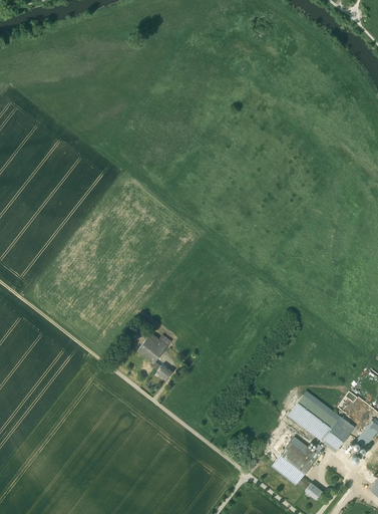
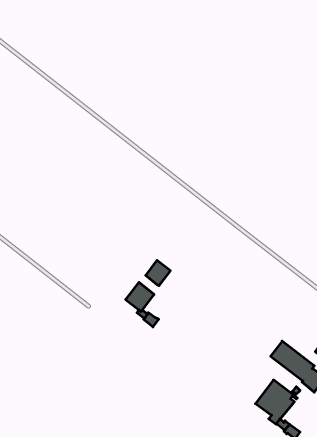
building: none -> [146,260,170,286]

